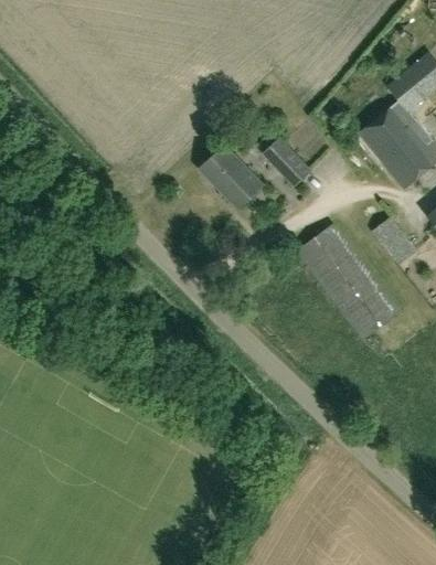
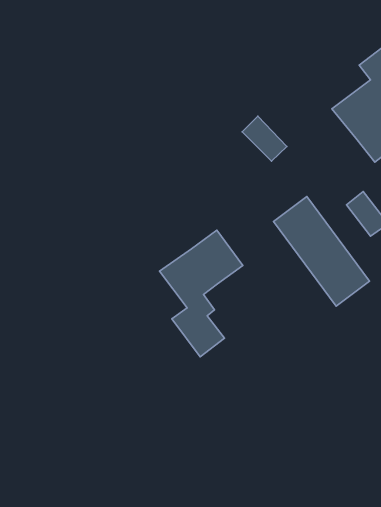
building: [199,146,263,210] -> none
building: none -> [159,230,243,357]

